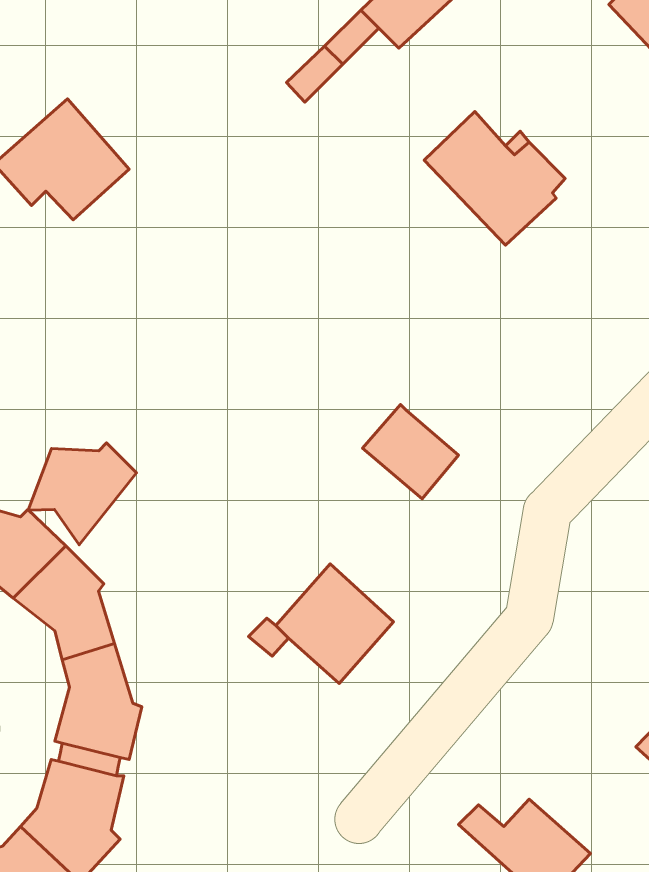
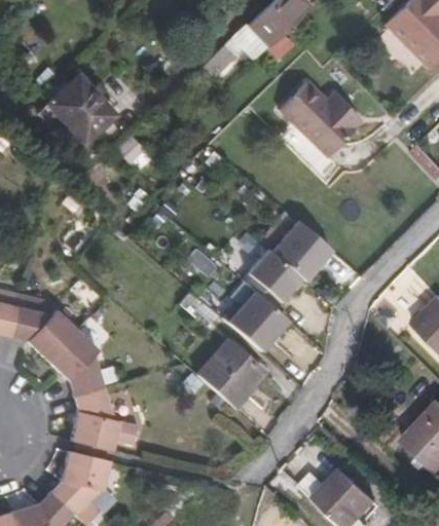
building: none -> [271,222,332,281]
building: [28,443,137,545] -> none
building: none -> [223,293,287,352]

